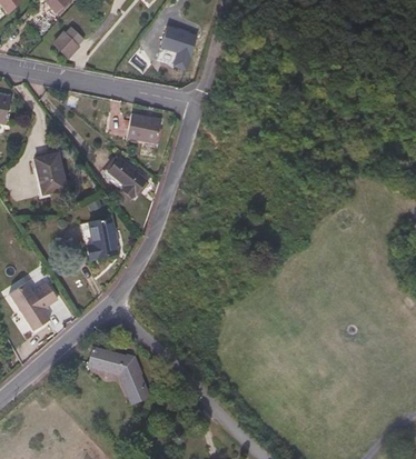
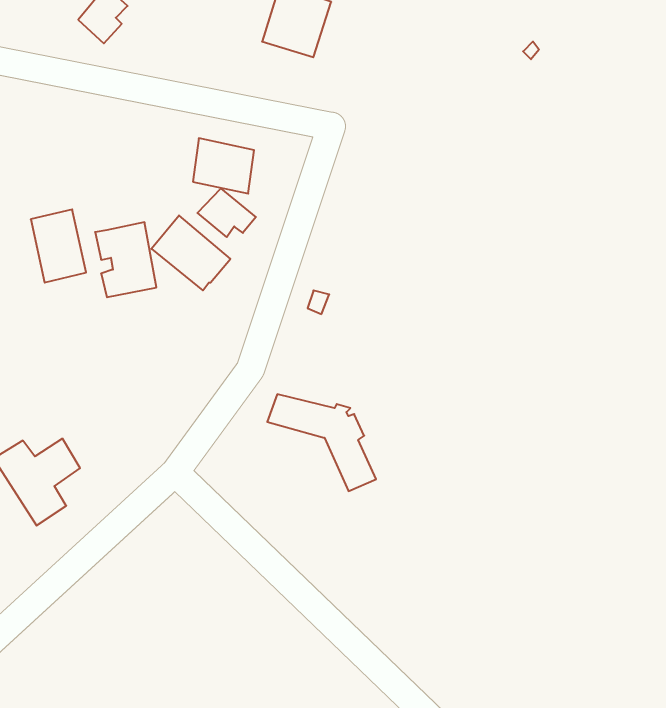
building: none -> [197,189,256,237]
building: [80,217,115,259] -> [95,222,156,297]
building: [87,349,148,403] -> [267,394,376,491]

